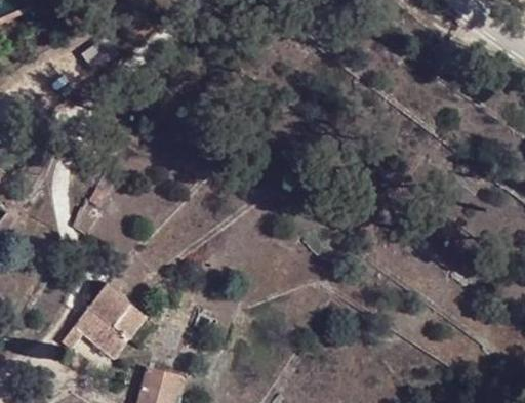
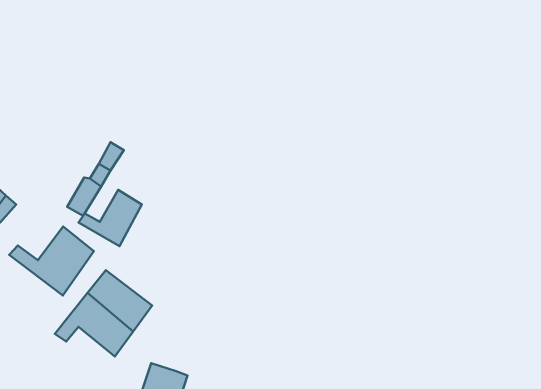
building: none -> [78,190,142,246]
building: none -> [9,226,94,295]

